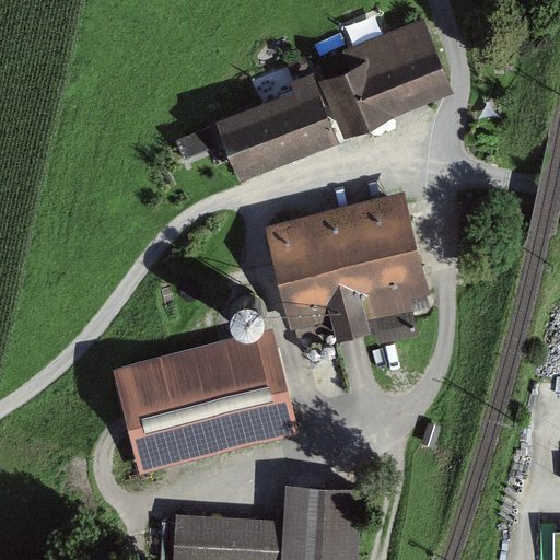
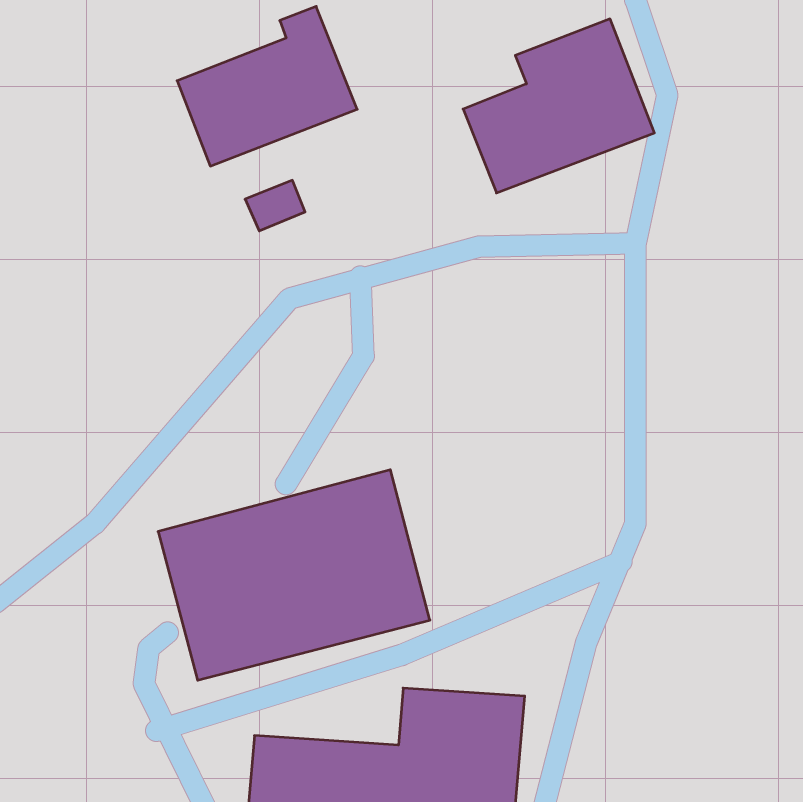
building: [214,72,339,183] -> [177,6,357,166]
building: [264,194,428,341] -> none

